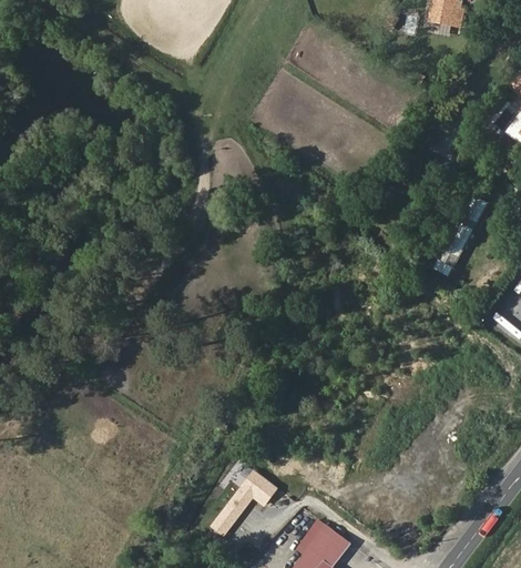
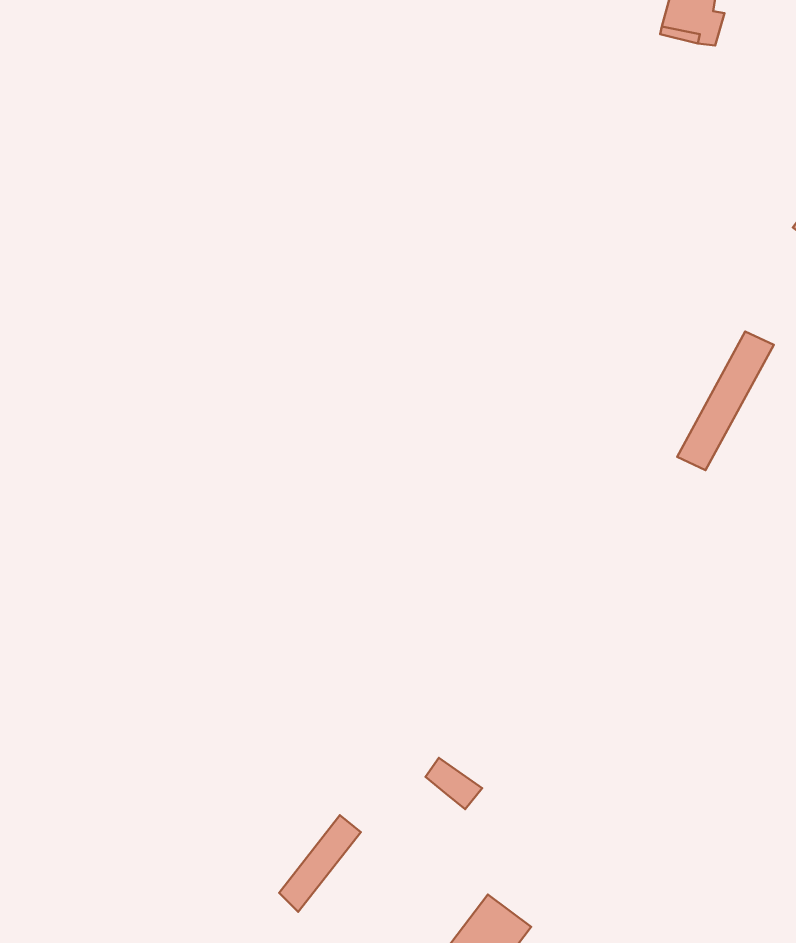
building: [241,467,274,497] -> [425,758,482,809]

